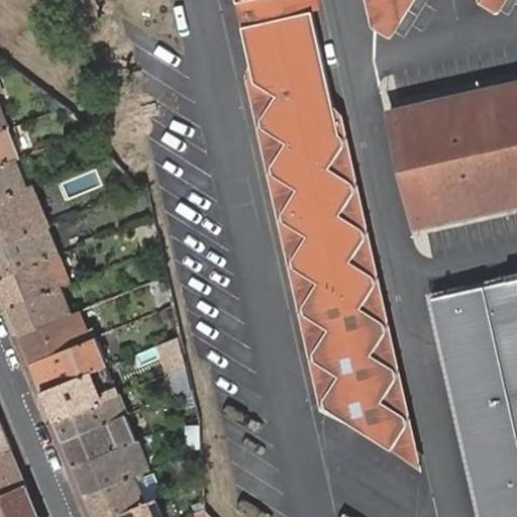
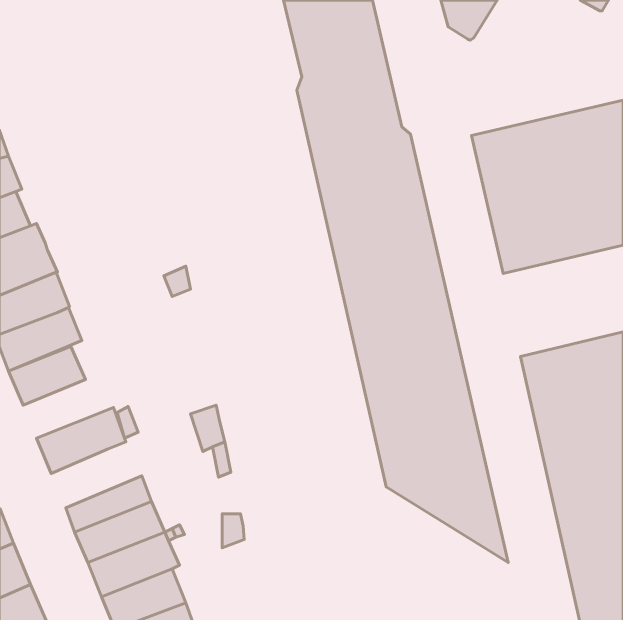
building: [19,314,94,366] -> none
building: [42,369,117,423] -> none

